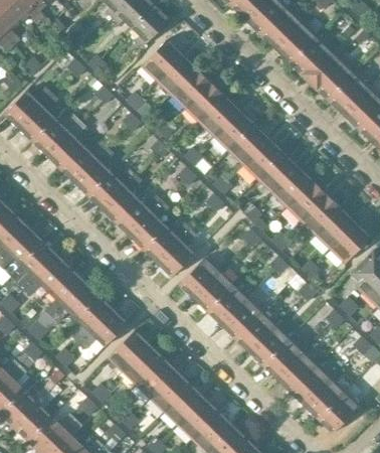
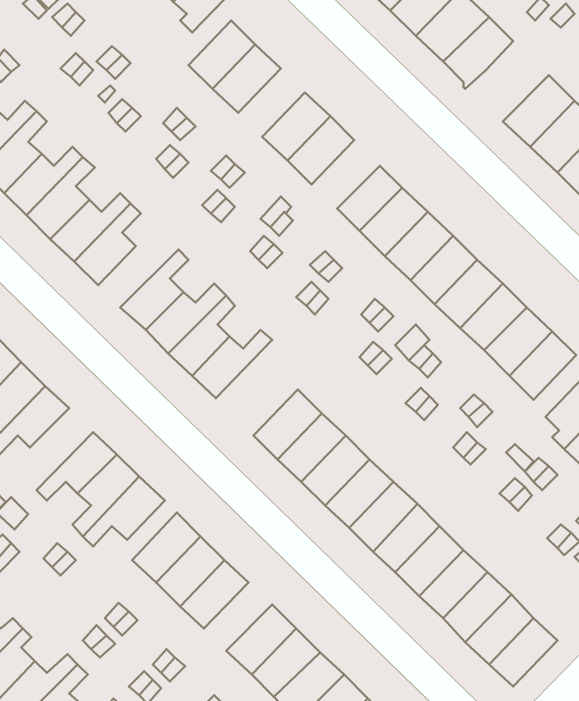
building: [311,51,354,99] -> none
building: [171,67,210,108] -> none
building: [214,110,254,150] -> none
building: [88,167,136,208] -> none
building: [158,228,197,276] -> none
building: [45,268,85,316] -> none
building: [151,370,191,411] -> none

